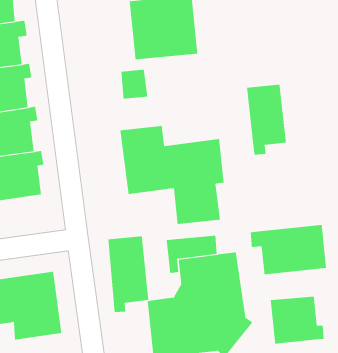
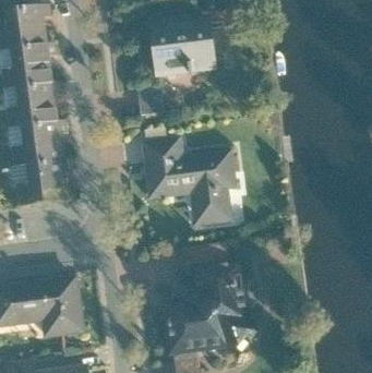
building: [247,84,286,155] -> none
building: [250,224,326,275] -> none
building: [108,236,149,313] -> none
building: [270,296,324,345] -> none

